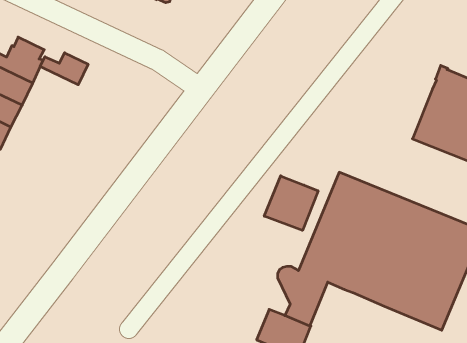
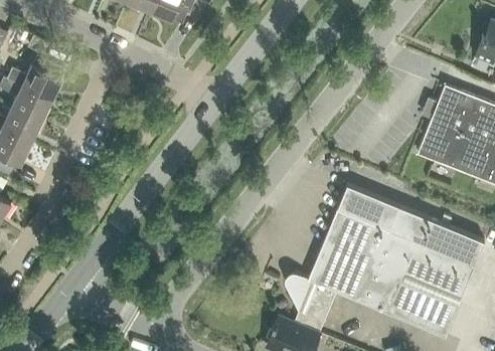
building: [40,53,88,85] -> none
building: [264,176,318,230] -> none

